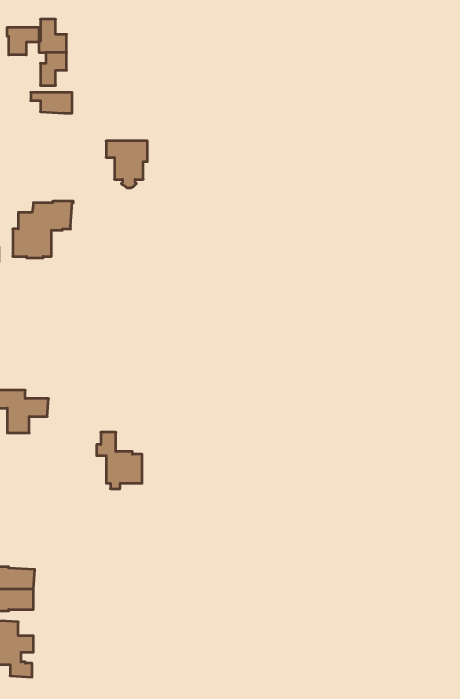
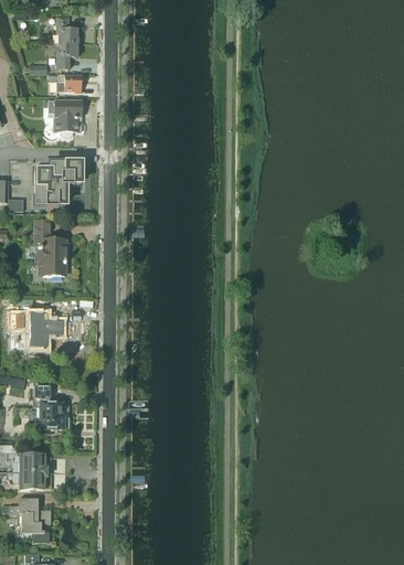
building: [7,27,39,55] -> none
building: [106,141,147,188] -> [49,99,82,137]
building: none -> [34,220,66,275]
building: [97,432,142,489] -> [33,386,70,431]

